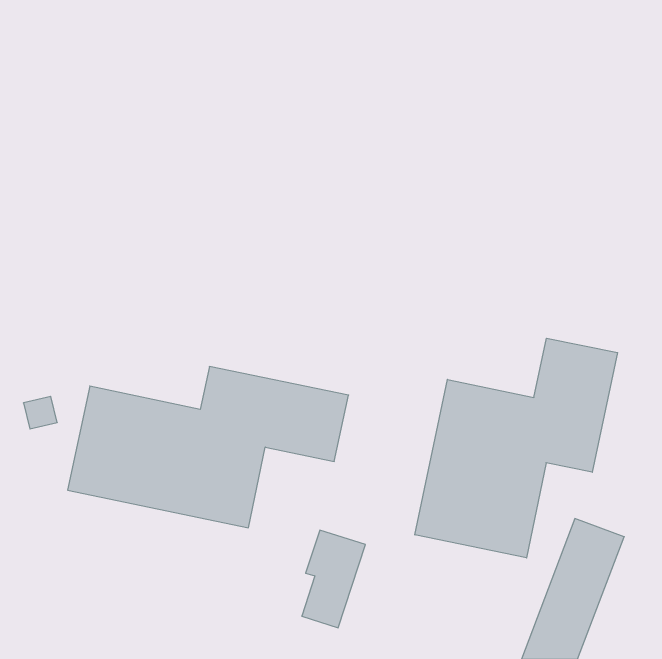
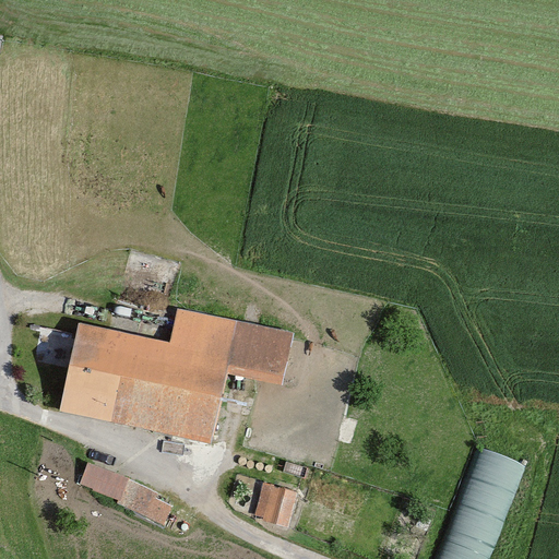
building: [415,338,618,558] -> none
building: none -> [80,464,170,524]

